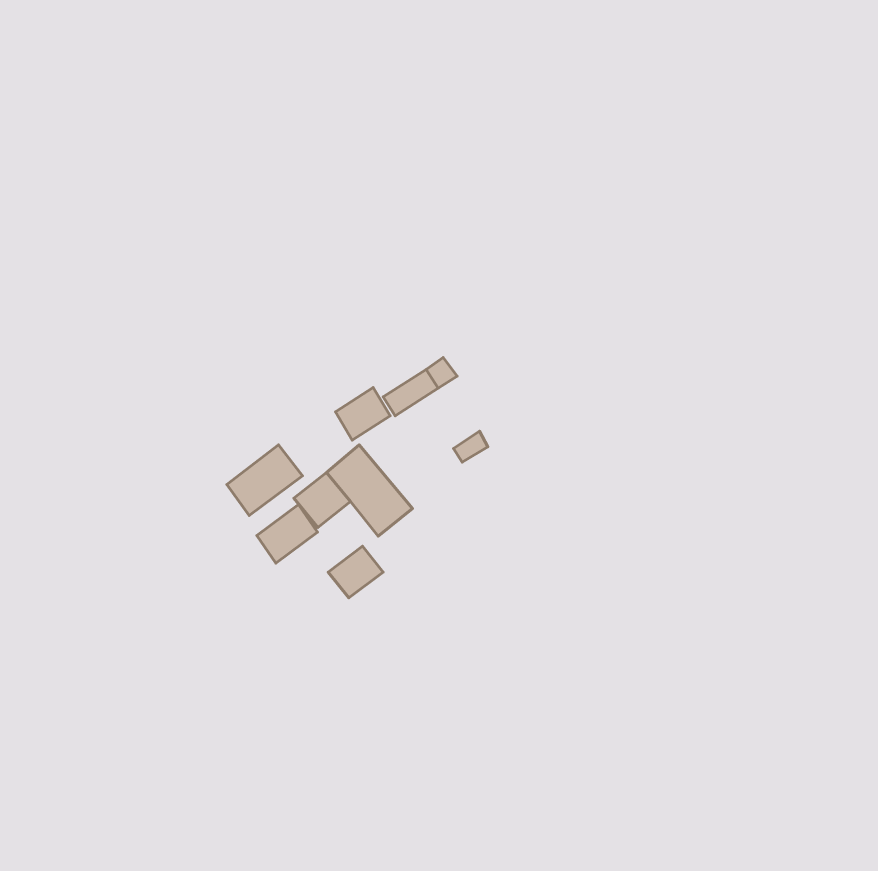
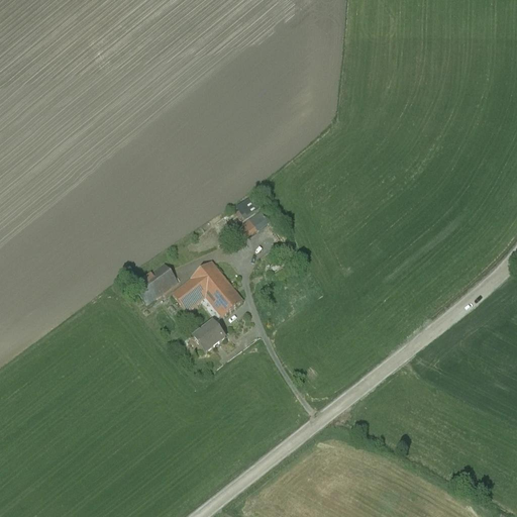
building: [335,388,390,440] -> none
building: [257,504,318,563] -> none

